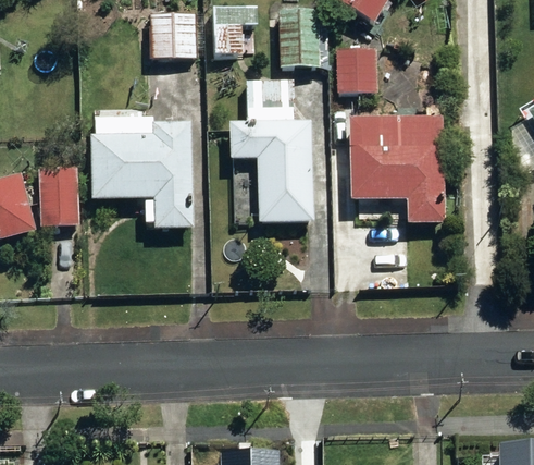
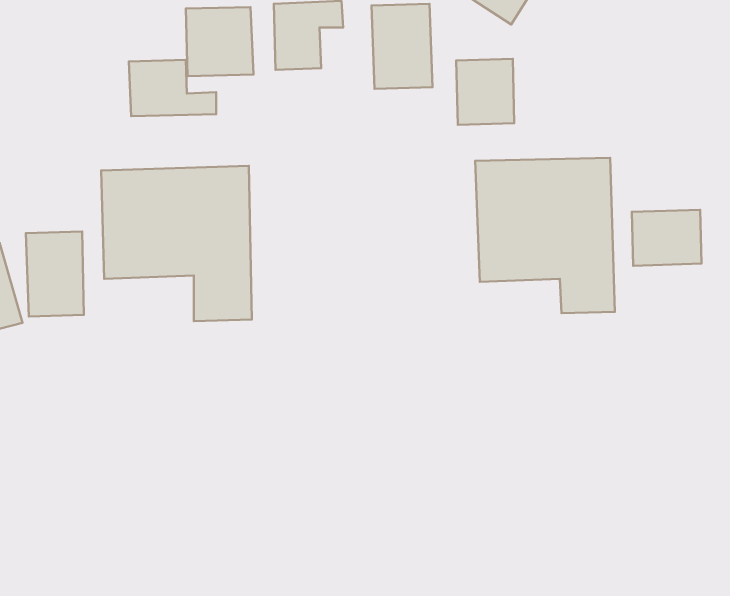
building: none -> [129,60,216,116]
building: [231,81,314,224] -> none
building: none -> [632,210,702,266]

